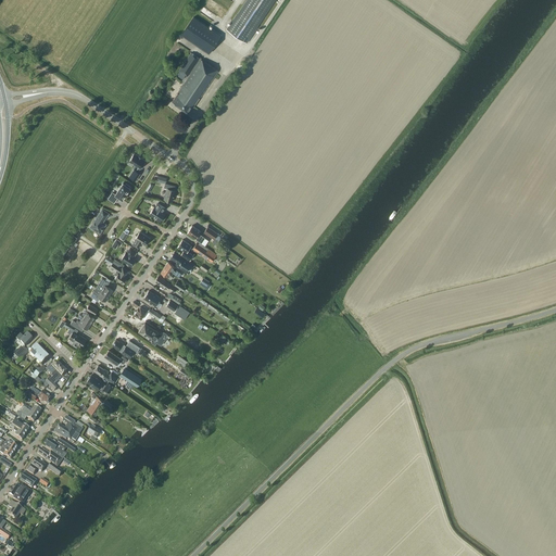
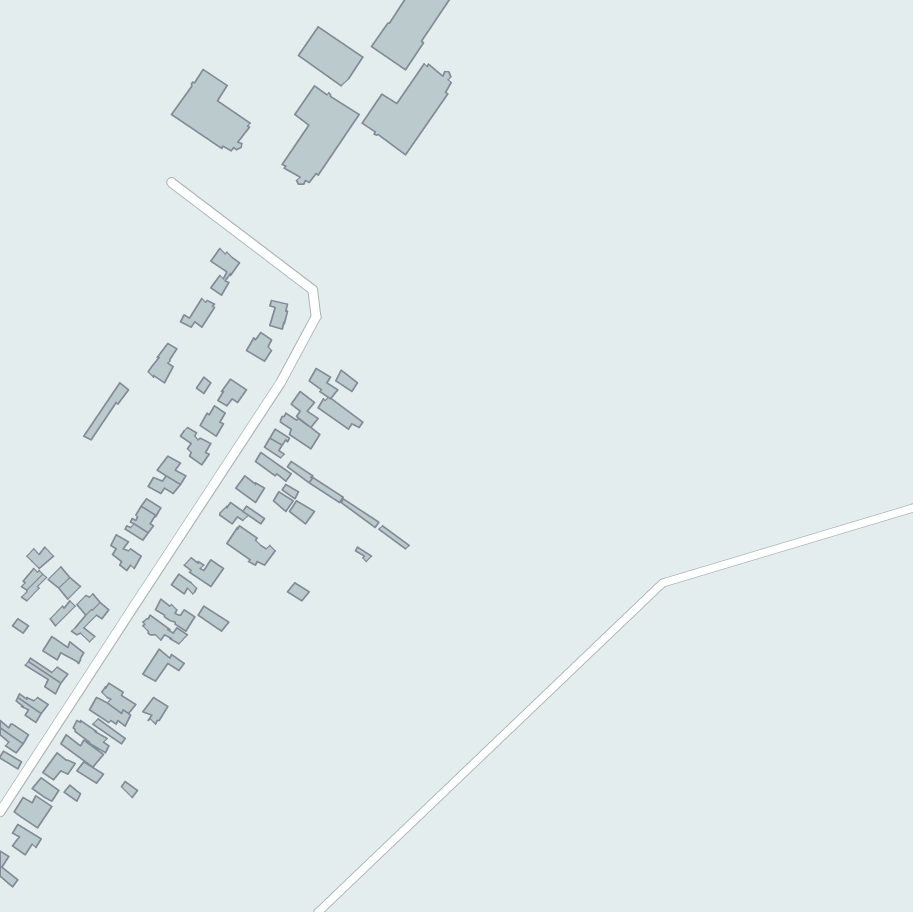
building: none -> [362,64,451,155]
building: none -> [171,69,250,151]

